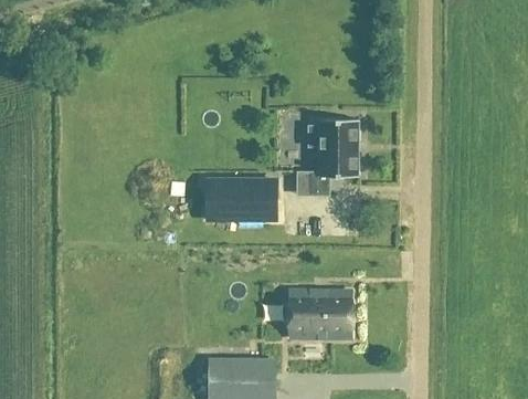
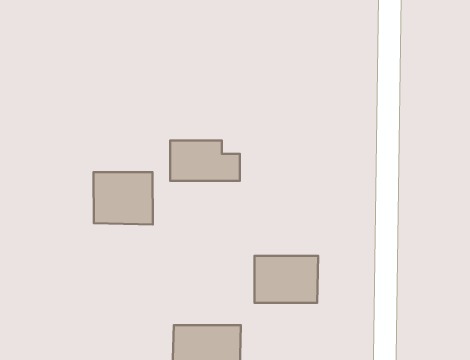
building: [308,120,357,196] -> none
building: none -> [93,172,153,225]

